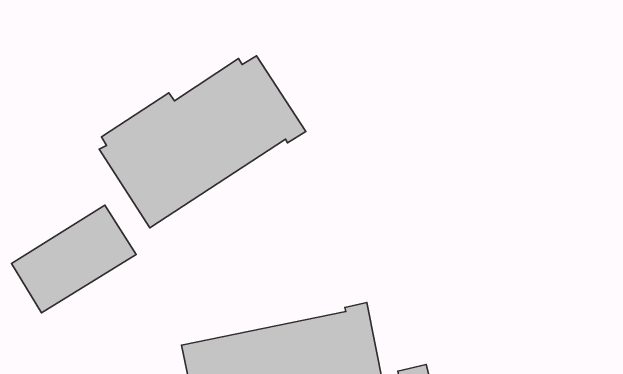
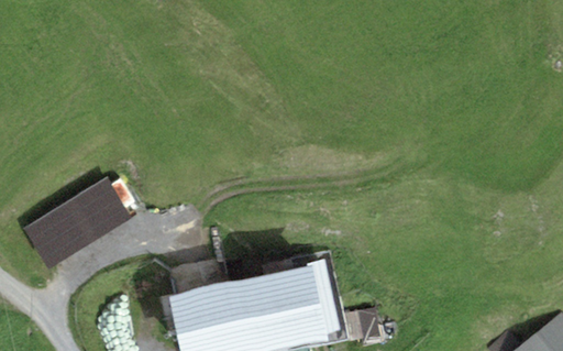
building: [99,56,306,228] -> none

